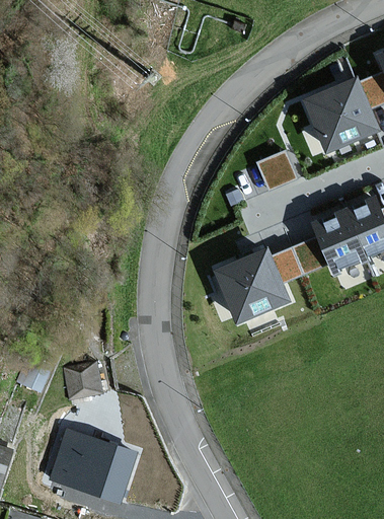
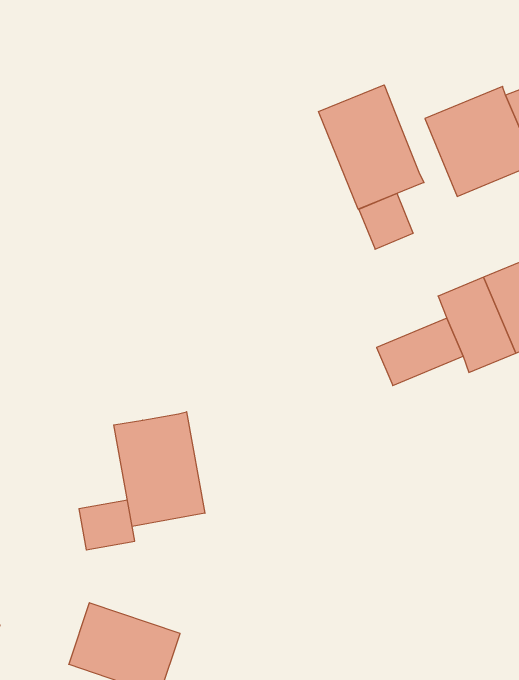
building: none -> [318,85,424,209]
building: [213,249,287,323] -> none
building: none -> [114,412,205,526]

